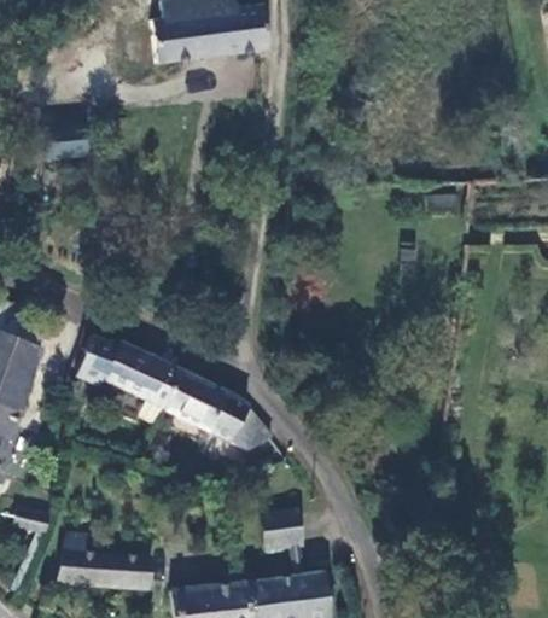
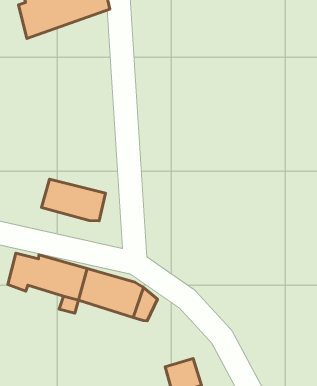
building: none -> [42,179,105,221]

